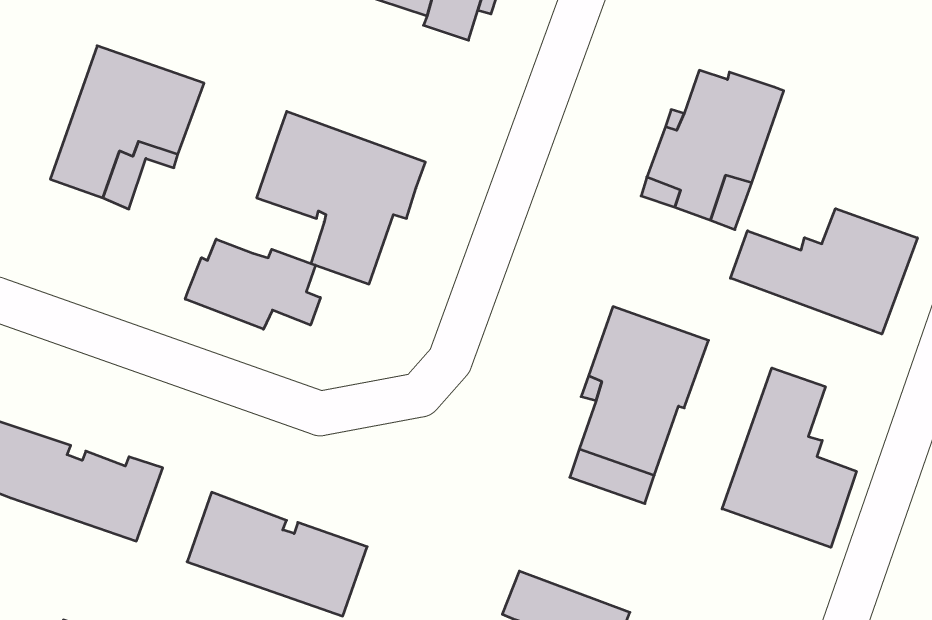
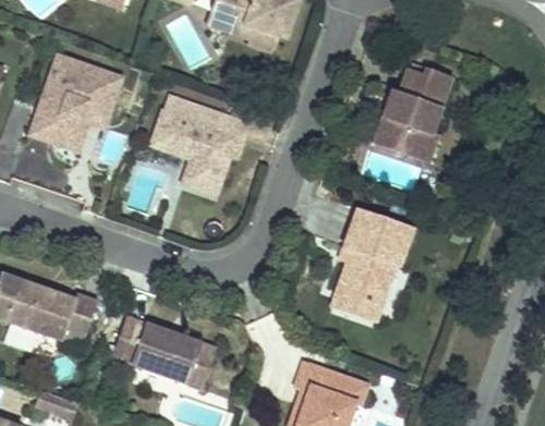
building: [730,209,917,334] -> none
building: [185,239,320,329] -> none
building: [722,368,856,547] -> none

